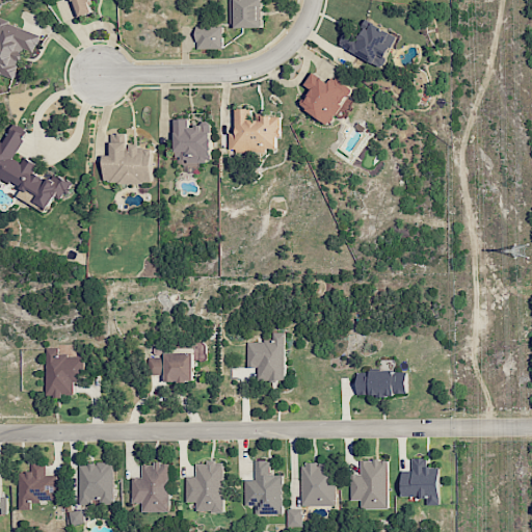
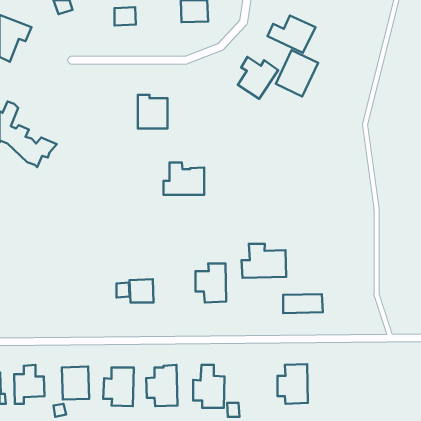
building: [195,26,222,49] -> [115,7,136,25]
building: none -> [276,50,318,96]
building: [228,109,278,150] -> [164,163,204,195]
building: [103,133,152,183] -> none
building: none -> [241,244,286,278]
building: [45,347,83,396] -> none
building: [400,457,437,505] -> none
building: [299,463,334,505] -> none

